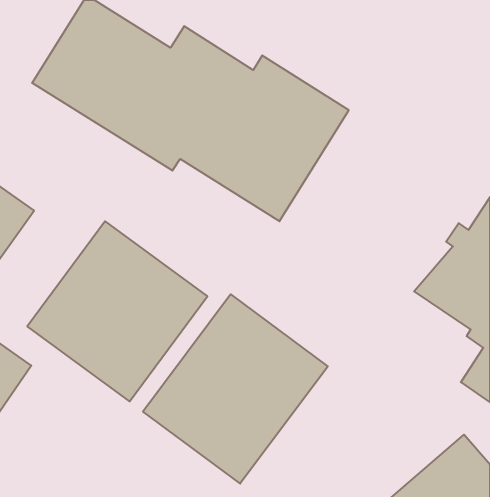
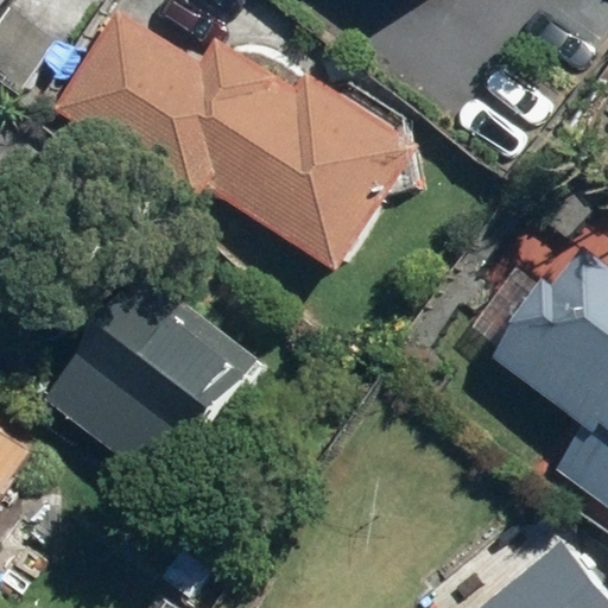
building: [143,294,328,484] -> none

